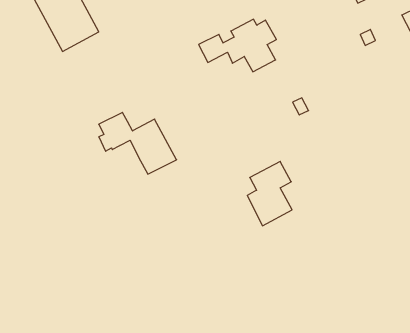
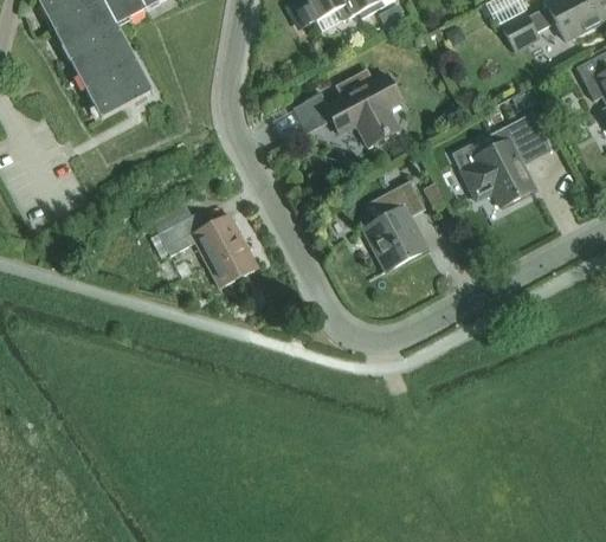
building: none -> [451,111,548,205]
building: [247,161,292,226] -> [363,180,426,270]

